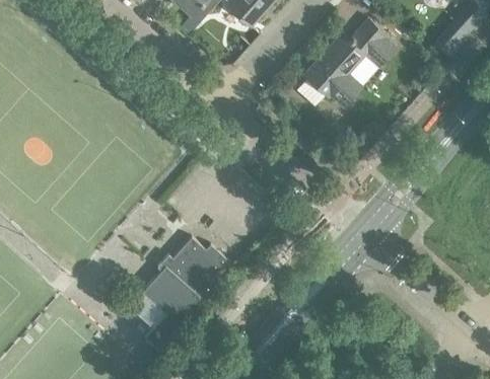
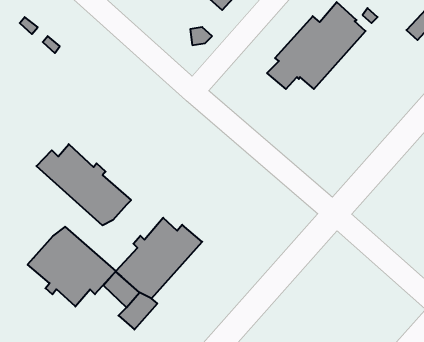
building: none -> [36,144,131,225]
building: none -> [28,227,116,307]

